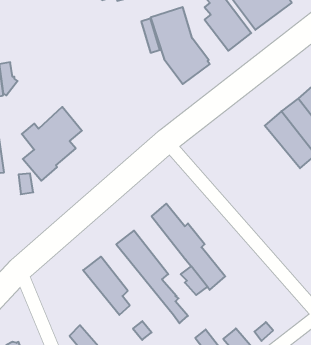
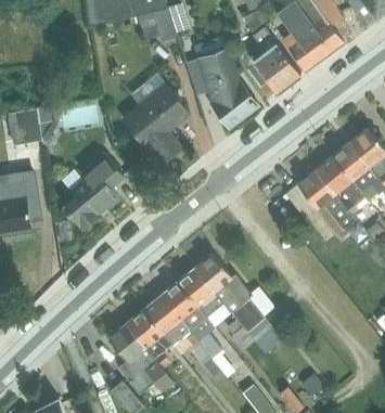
building: none -> [123,74,189,164]
building: none -> [297,171,356,234]
building: none -> [179,266,233,326]
building: none -> [144,295,220,375]
building: none -> [108,322,175,393]

